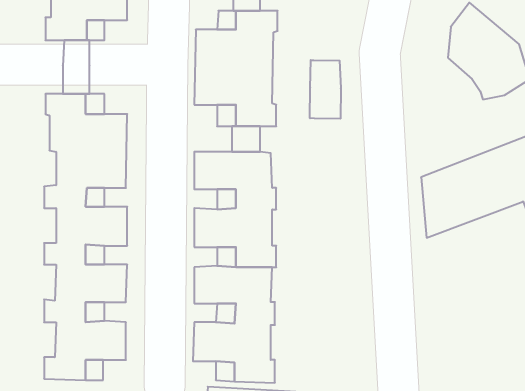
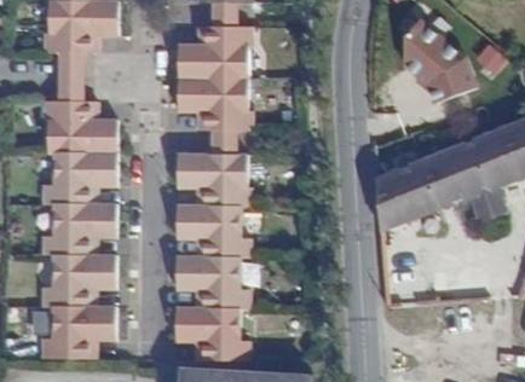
building: [310,60,341,119] -> none

